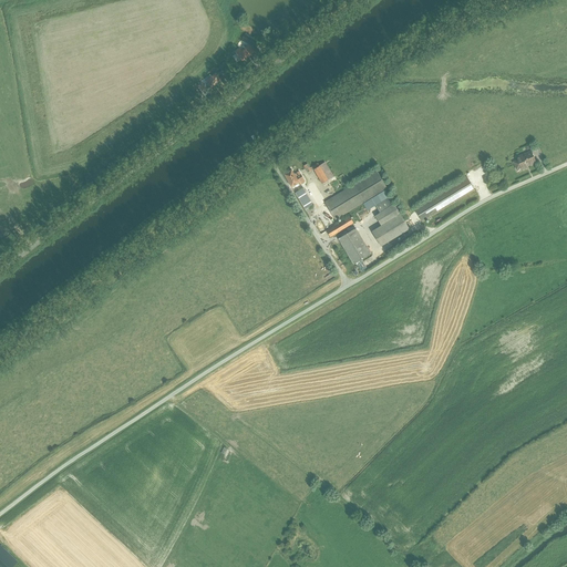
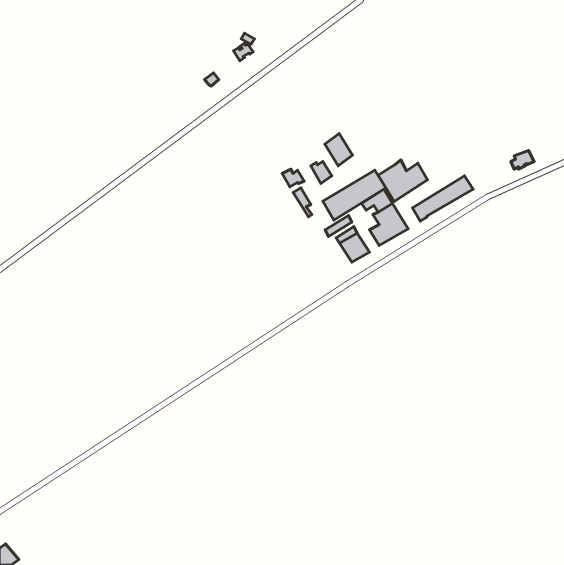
building: none -> [325,133,353,166]
building: none -> [378,160,428,201]

